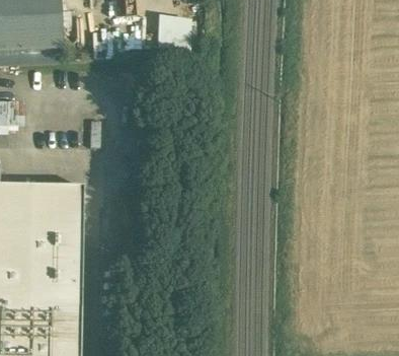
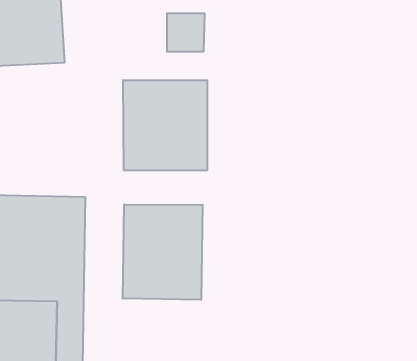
building: none -> [123,80,207,170]
building: none -> [123,204,203,300]

